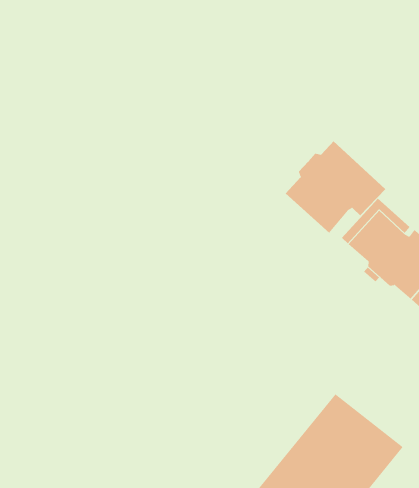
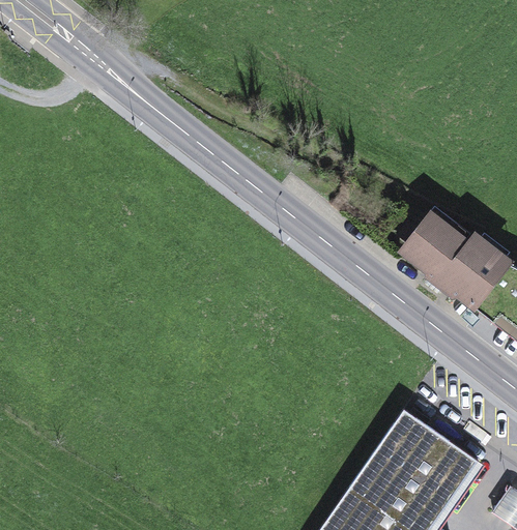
building: [285,141,386,233] -> none

